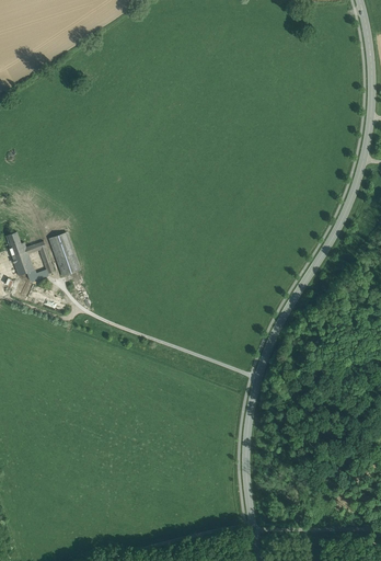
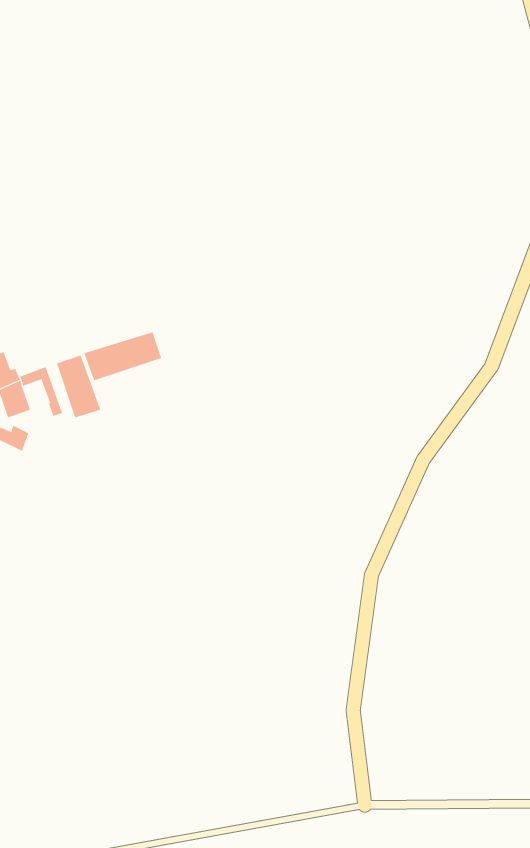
building: none -> [84,332,162,381]

